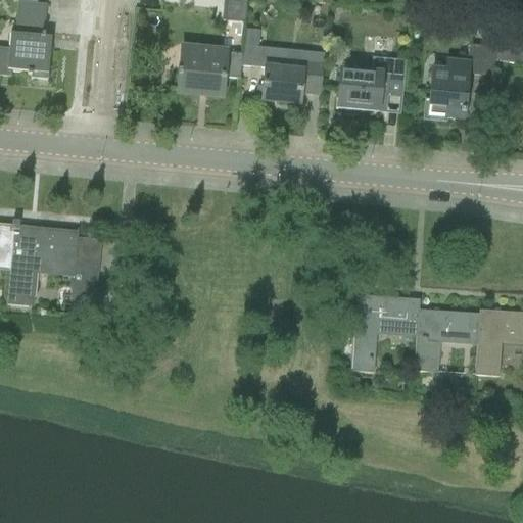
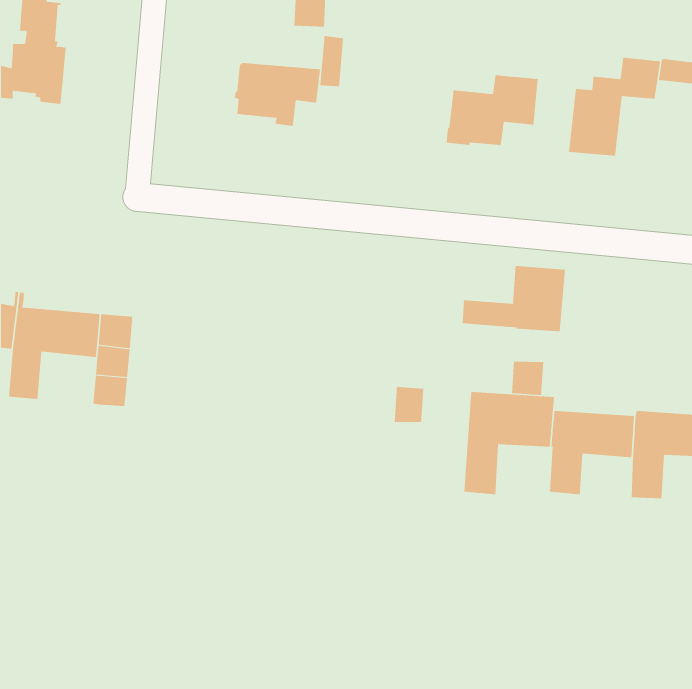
building: [263,48,326,102] -> none
building: none -> [462,265,576,333]
building: none -> [511,361,544,396]
building: none -> [394,386,424,423]

